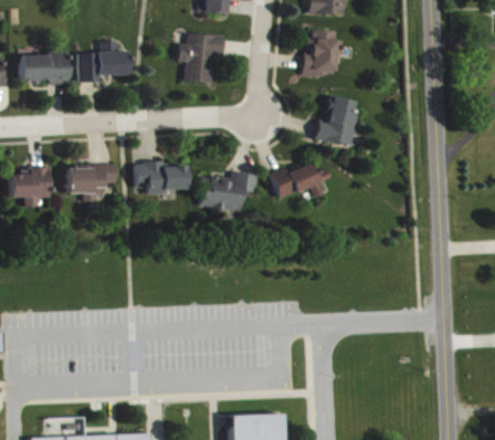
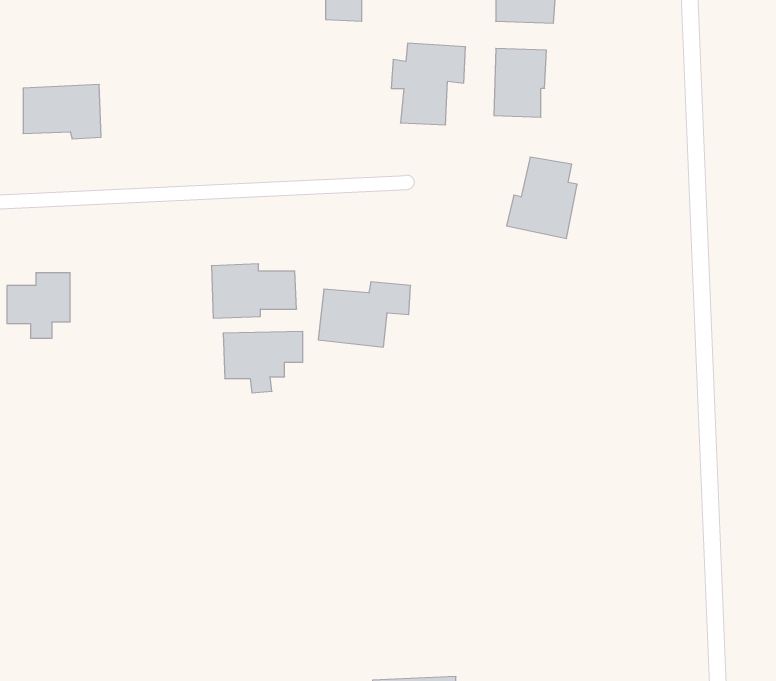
building: [179,33,224,83] -> [391,43,466,125]
building: [78,41,129,82] -> none
building: [271,163,331,199] -> none
building: [67,165,116,202] -> [223,331,303,393]

